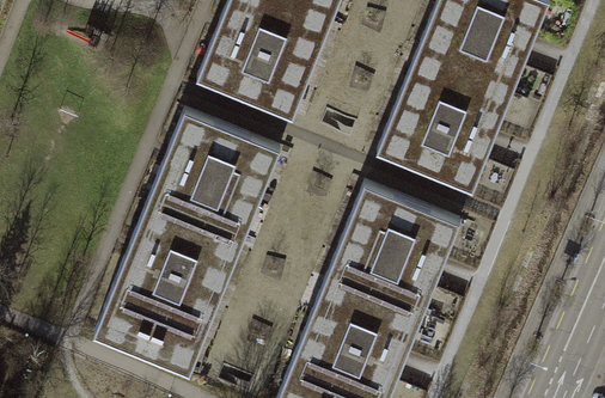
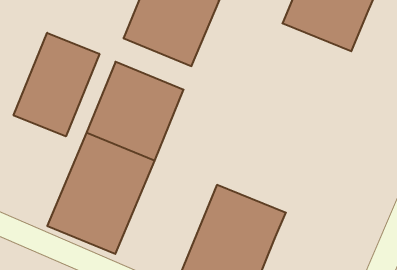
building: [378,56,511,189] -> none
building: none -> [14,33,99,136]
building: [326,183,459,316] -> none

